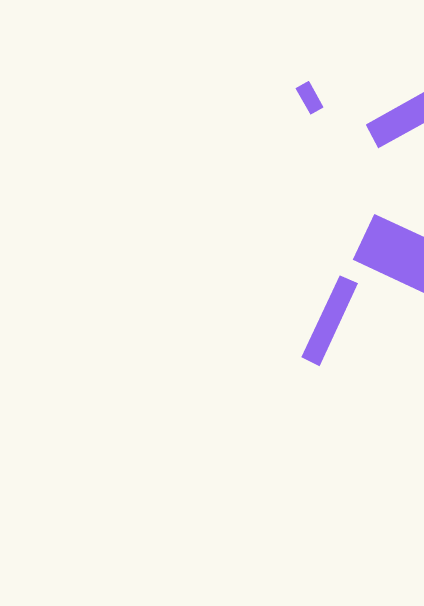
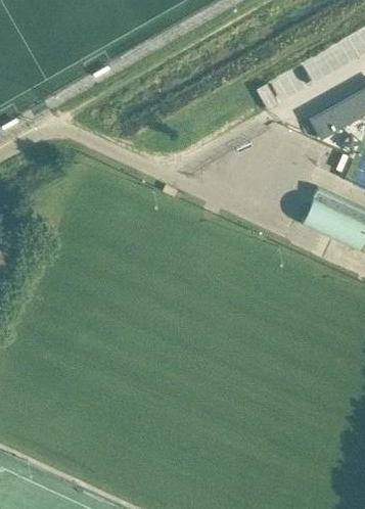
building: [300,275,359,367] -> none

